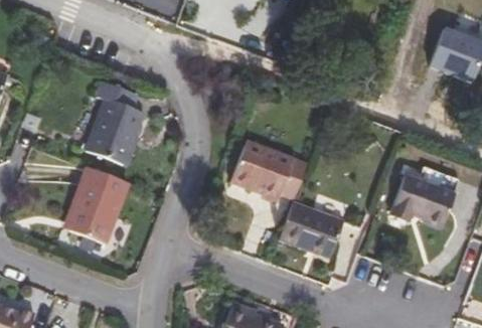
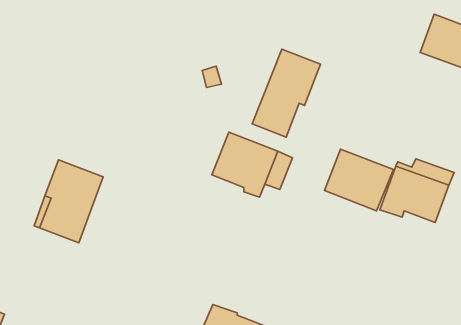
building: none -> [252,49,320,137]
building: [86,80,143,165] -> none
building: [279,200,344,259] -> [325,149,394,211]

